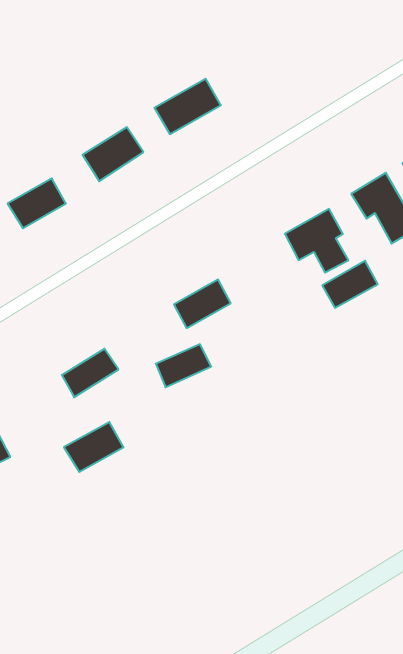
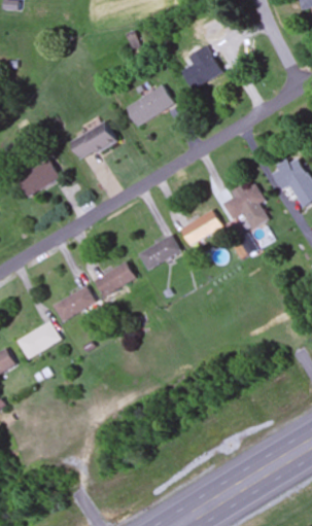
building: none -> [180,45,220,90]
building: [322,261,378,308] -> [180,210,221,245]
building: [156,344,211,387] -> [95,264,136,295]
building: [64,422,124,472] -> [18,321,62,358]

